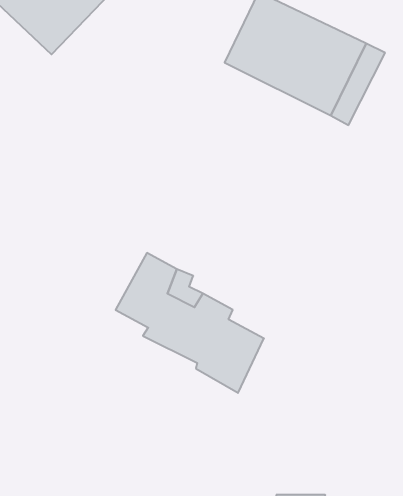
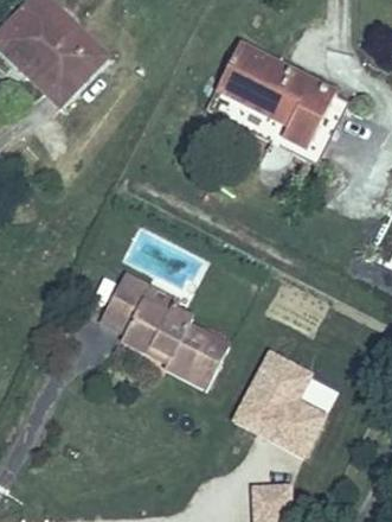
building: none -> [231,349,328,458]

